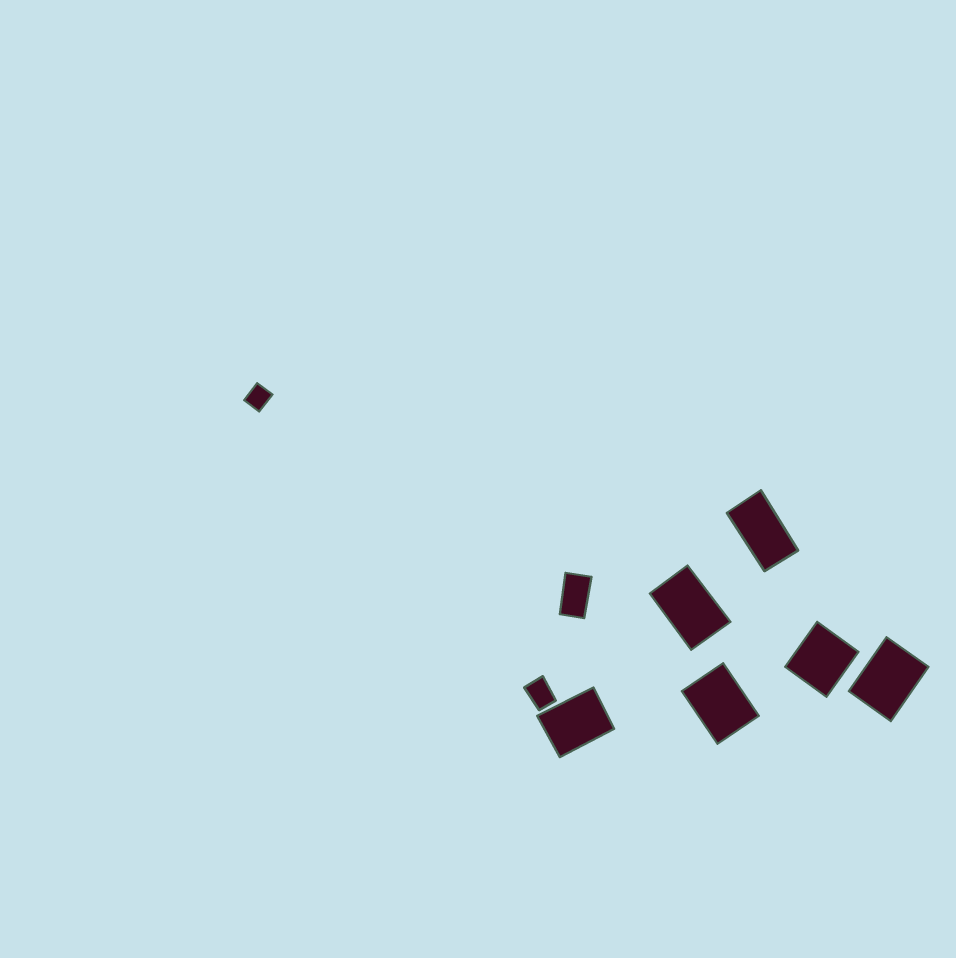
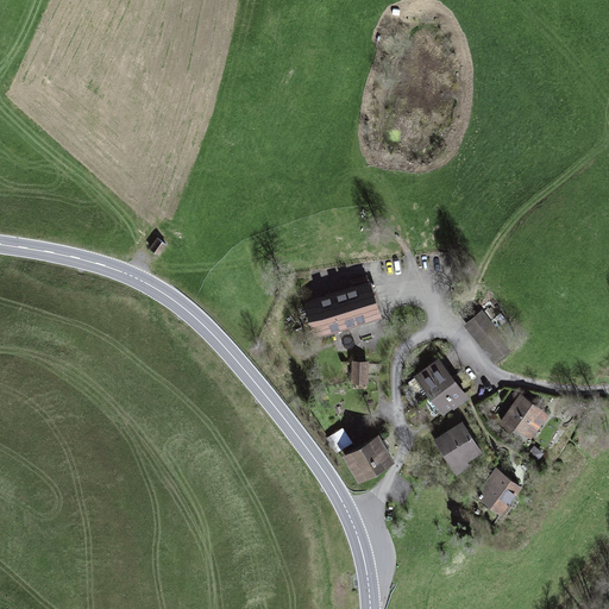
building: none -> [312,283,391,346]
building: [849,637,929,721] -> none
building: none -> [476,465,517,509]

